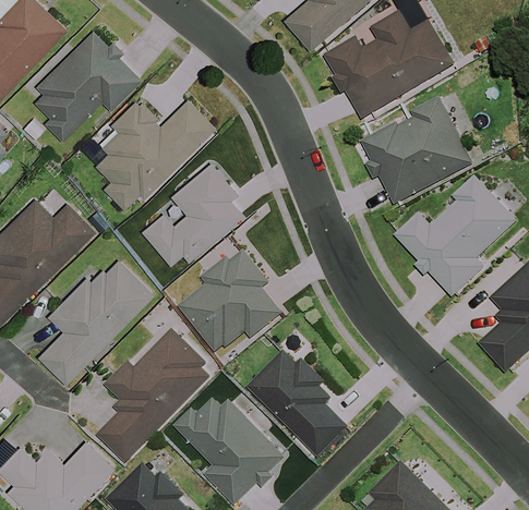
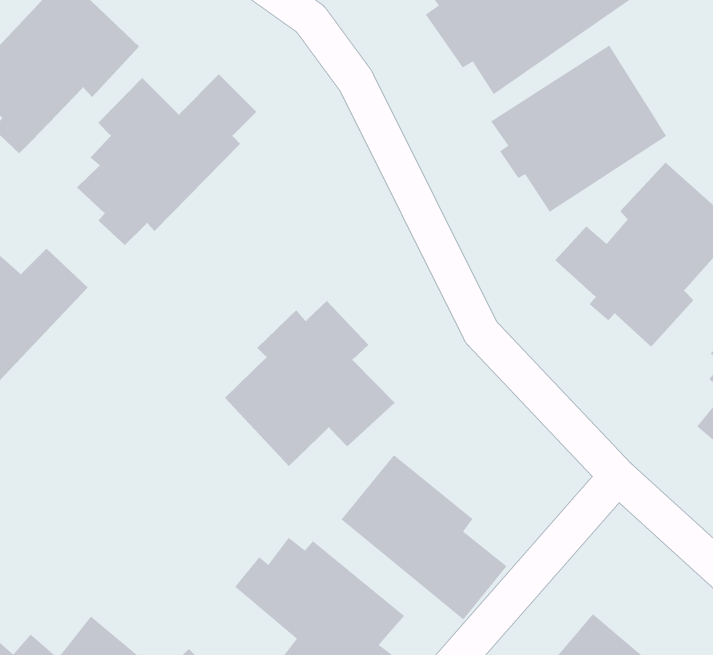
building: [136,161,241,267] -> none
building: [38,259,149,384] -> none
building: [99,331,214,461] -> none

